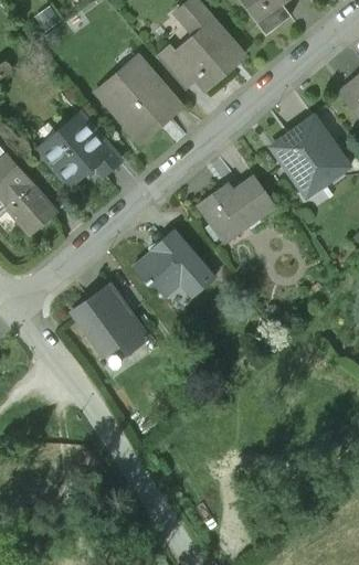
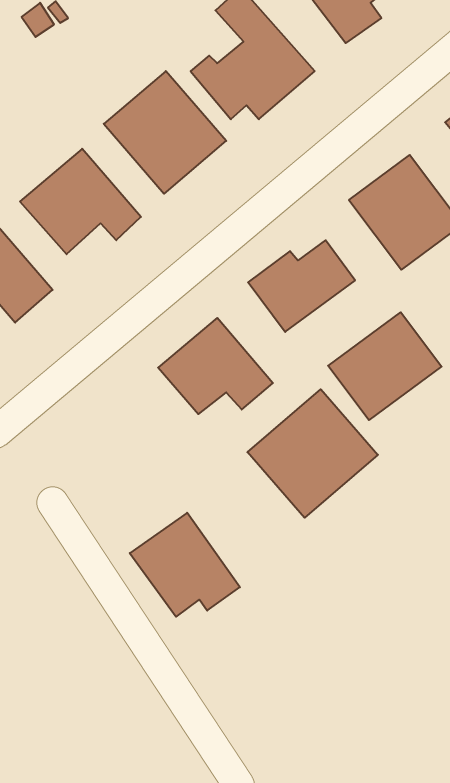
building: none -> [328,312,442,420]
building: none -> [247,389,378,518]
building: [68,284,147,358] -> [130,513,240,617]

